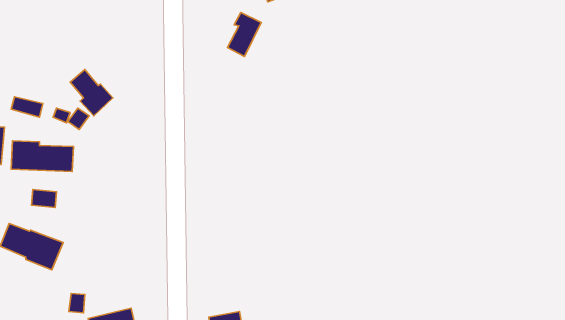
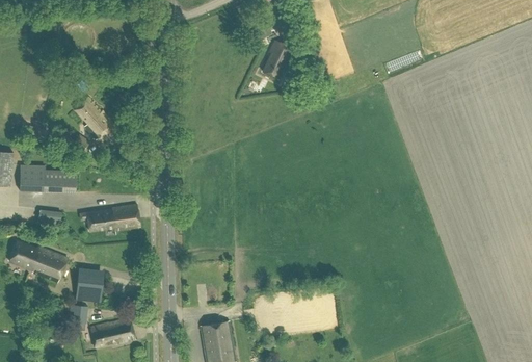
building: [227,12,261,57] -> [261,38,292,79]
building: none -> [79,205,140,231]
building: none -> [75,274,102,302]

